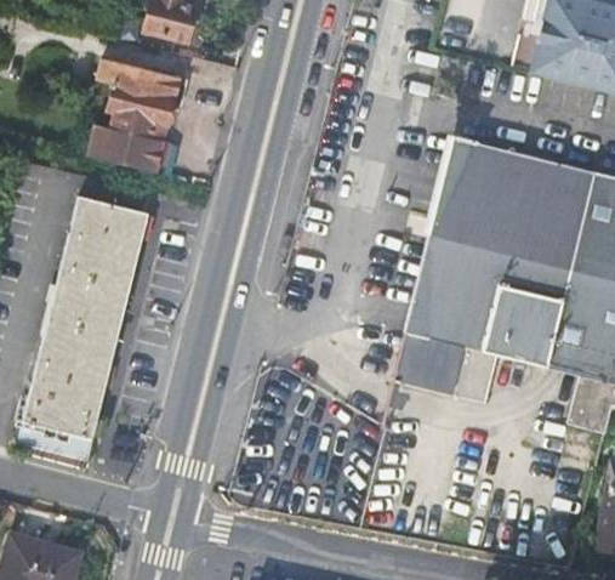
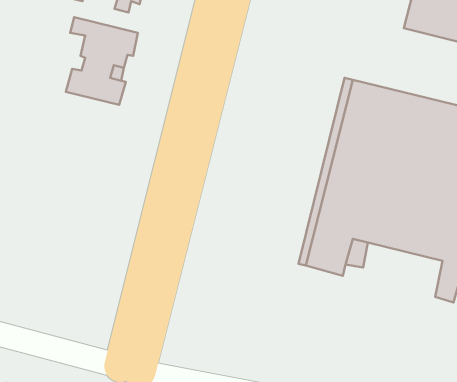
building: [17,195,146,459] -> none

